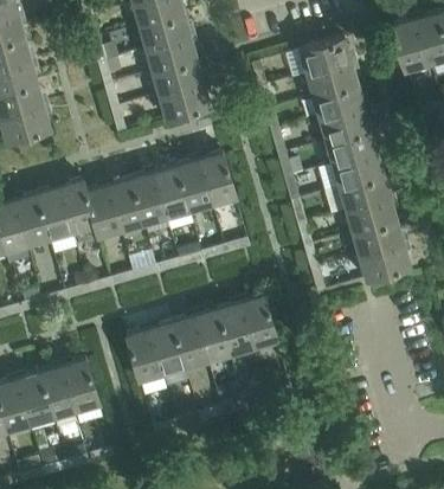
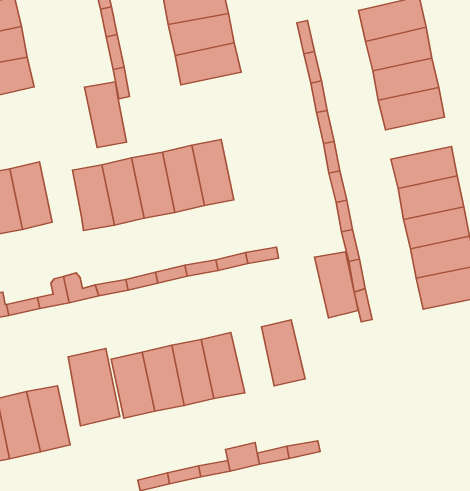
building: [324,130,377,166] -> none
building: [198,153,234,206] -> none
building: [58,181,94,233] -> [85,82,127,148]
building: [215,303,252,355] -> [315,252,358,318]
building: none -> [68,349,120,426]

